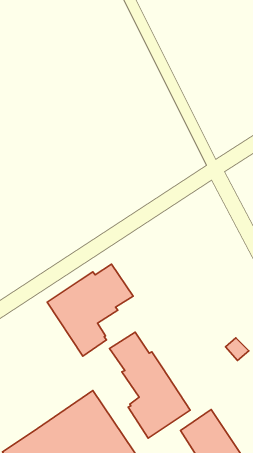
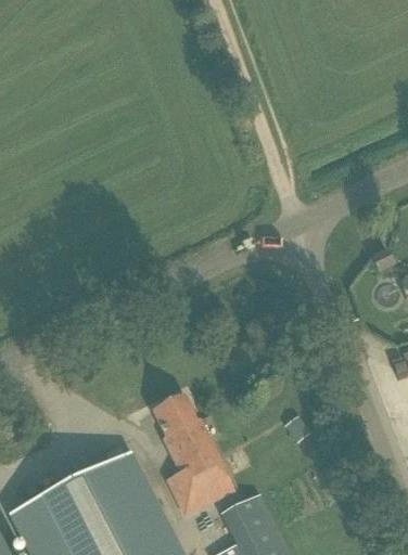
building: [47,264,133,356] -> none

